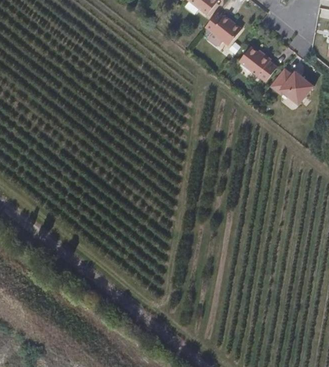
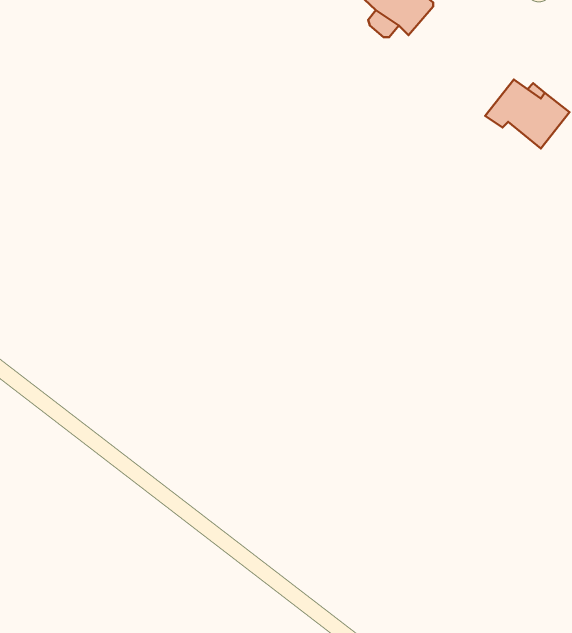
building: [240,47,277,82] -> none

